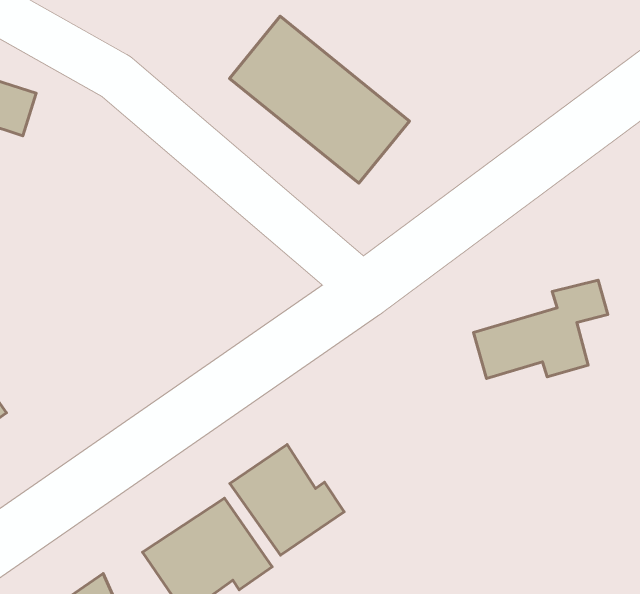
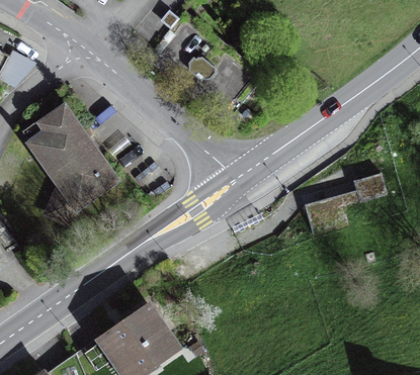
building: none -> [26,110,113,221]
building: [230,444,344,555] -> none

